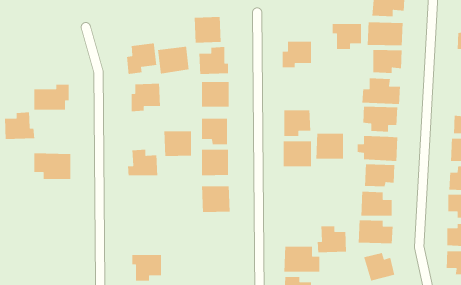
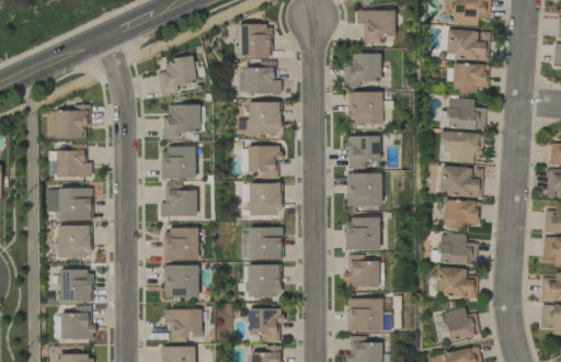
building: [332,23,362,50] -> [358,11,394,43]
building: [157,46,190,74] -> none
building: none -> [348,92,382,124]
building: [4,111,35,140] -> [56,143,93,177]
building: [163,130,192,157] -> [161,148,195,180]
building: [315,133,344,159] -> [345,218,379,250]
building: none -> [58,225,92,257]
building: none -> [164,228,198,260]
building: none -> [248,264,282,296]
building: none -> [164,265,198,297]
building: none -> [60,270,94,302]
building: [317,226,347,253] -> [343,254,379,287]
building: none -> [61,306,94,339]
building: none -> [249,308,282,341]

